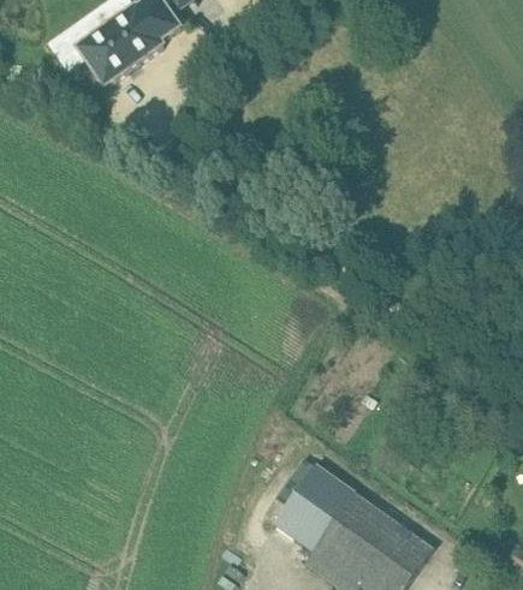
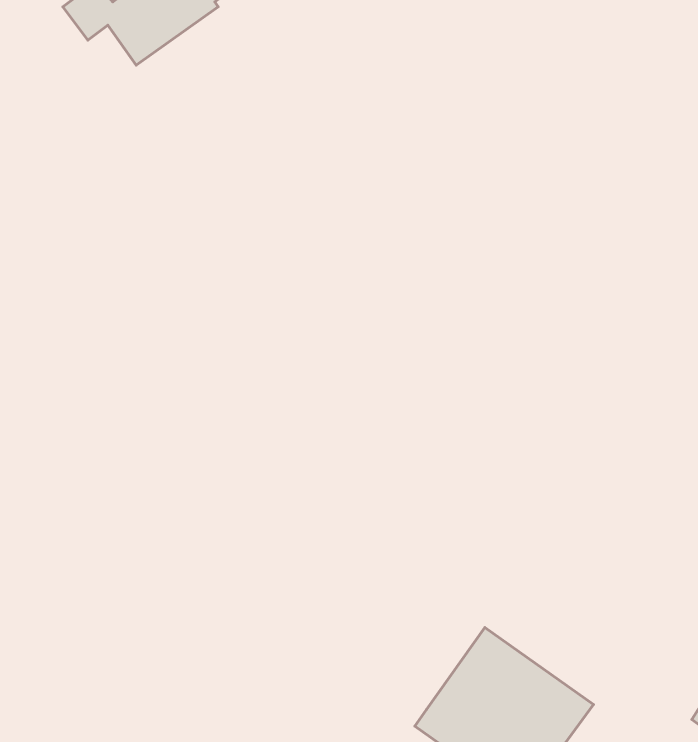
building: [274,464,356,552] -> none

